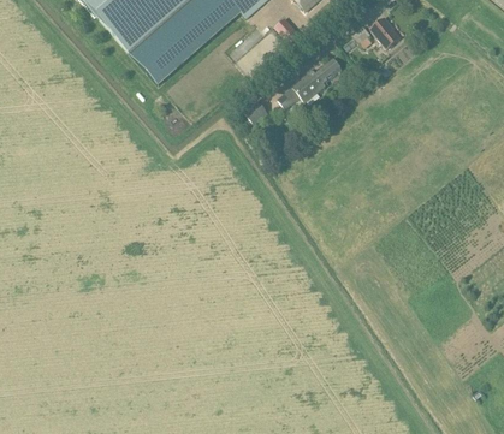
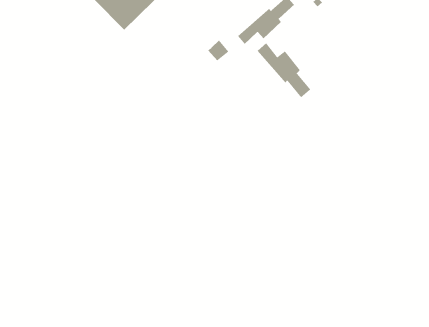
building: none -> [257,43,312,98]

